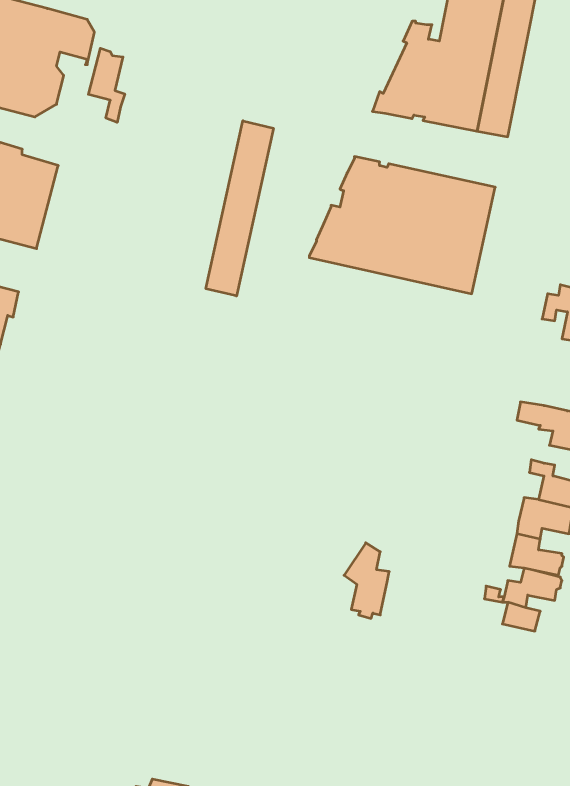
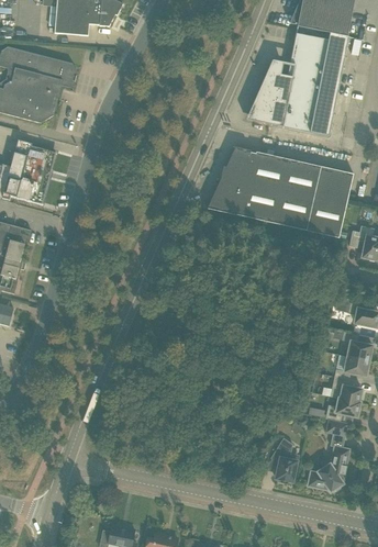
building: [88,48,125,122] -> none
building: [206,121,273,296] -> none
building: none -> [305,166,352,237]
building: [344,543,389,618] -> [269,438,297,484]
building: none -> [307,446,348,492]

